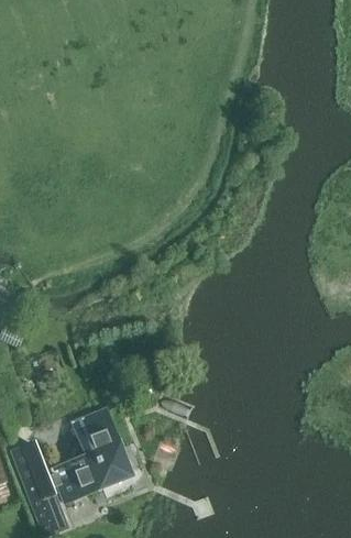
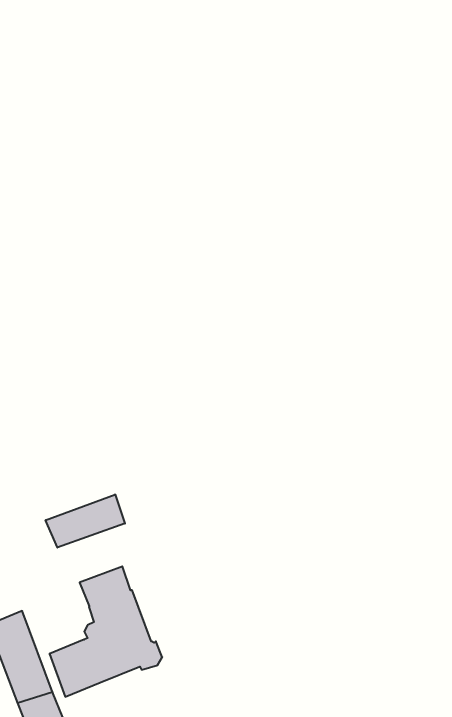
building: none -> [46,494,125,548]

